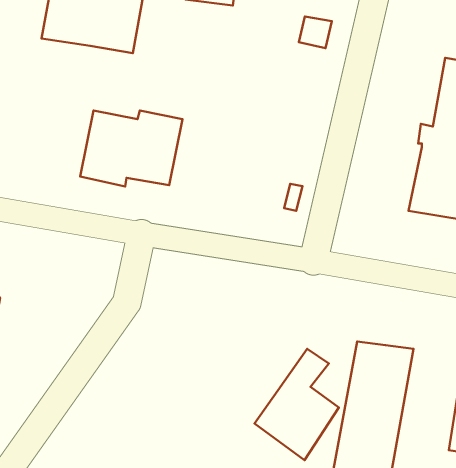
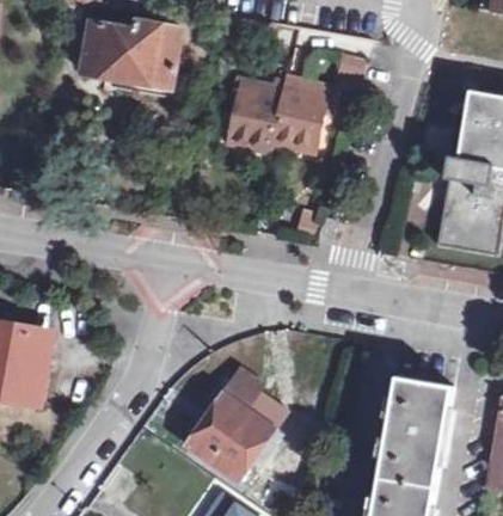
building: [80,111,183,186] -> [232,80,332,154]
building: [255,349,339,460] -> [185,363,268,472]

